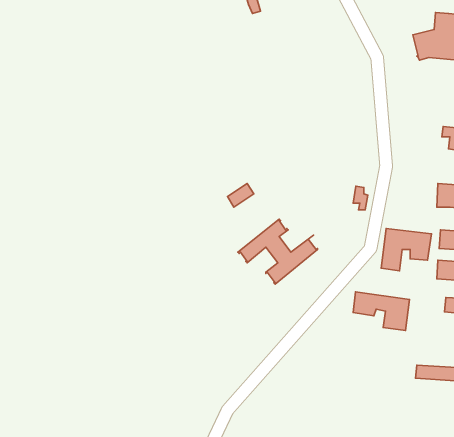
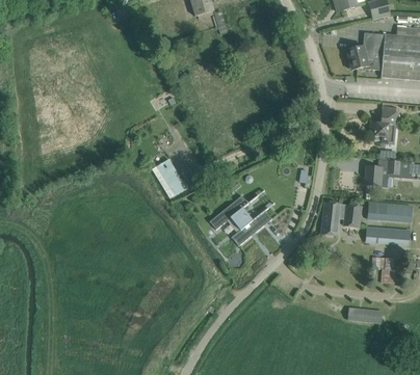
building: none -> [152,158,186,197]
building: [353,292,410,330] -> none

